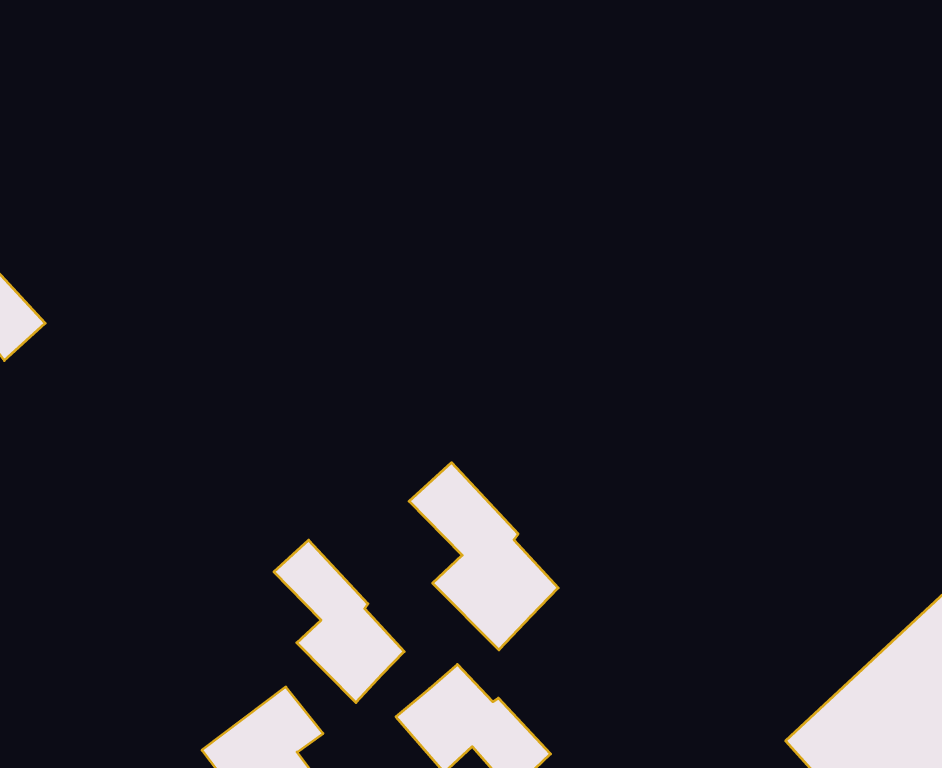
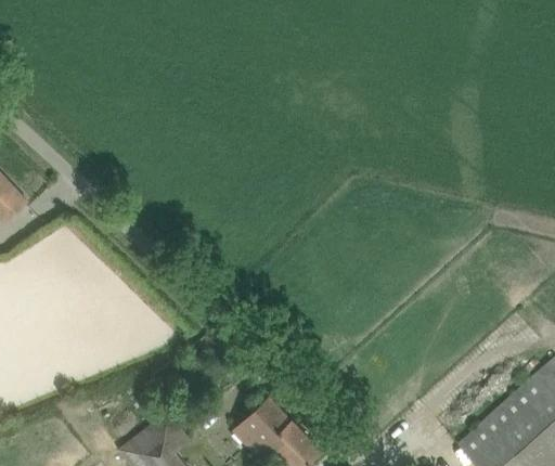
building: [409,463,558,650] -> none
building: [274,540,404,703] -> none

